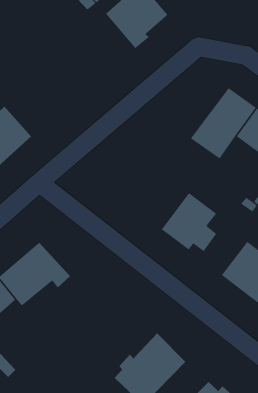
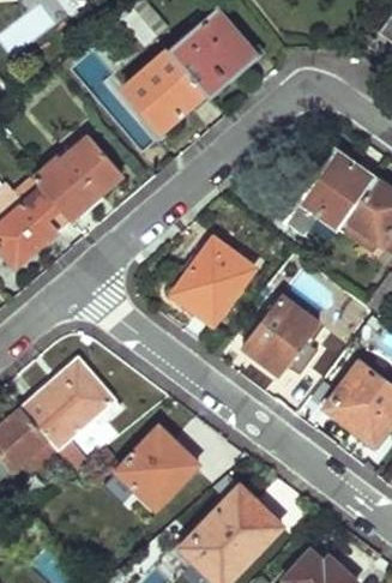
building: none -> [123,50,204,133]
building: none -> [31,136,120,218]
building: none -> [174,238,255,324]
building: none -> [119,428,198,507]

